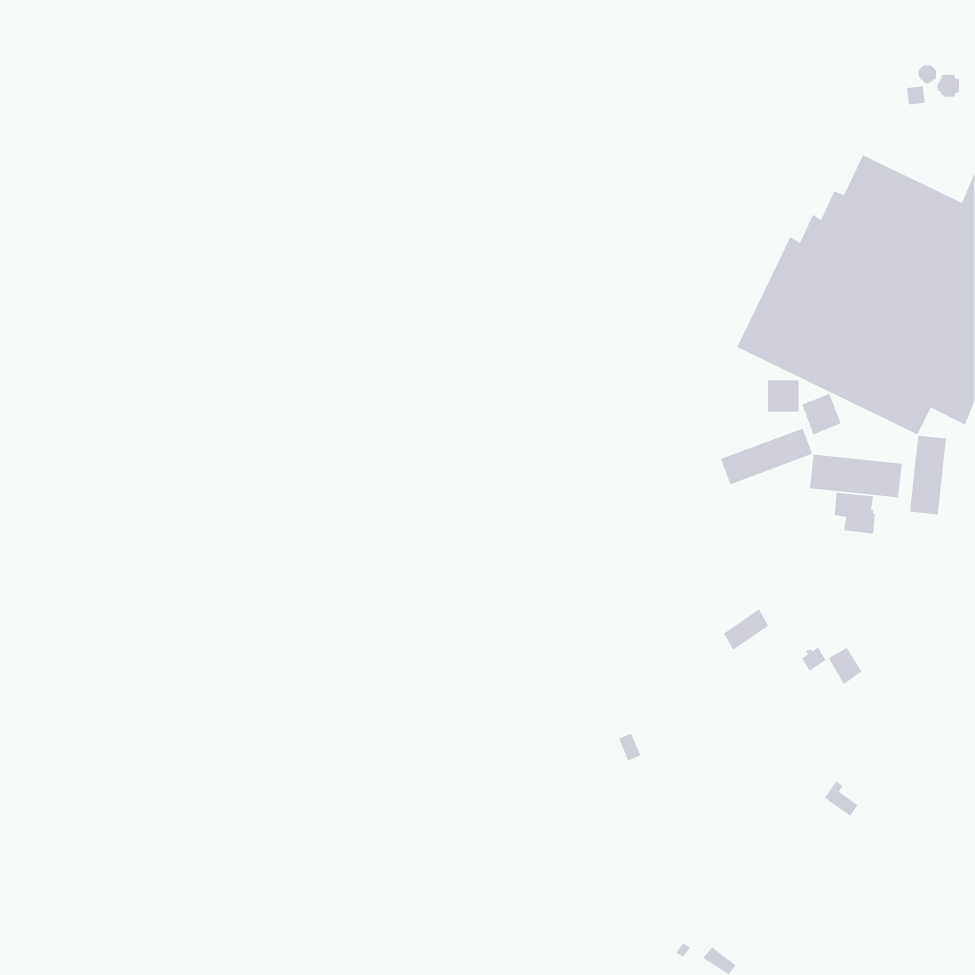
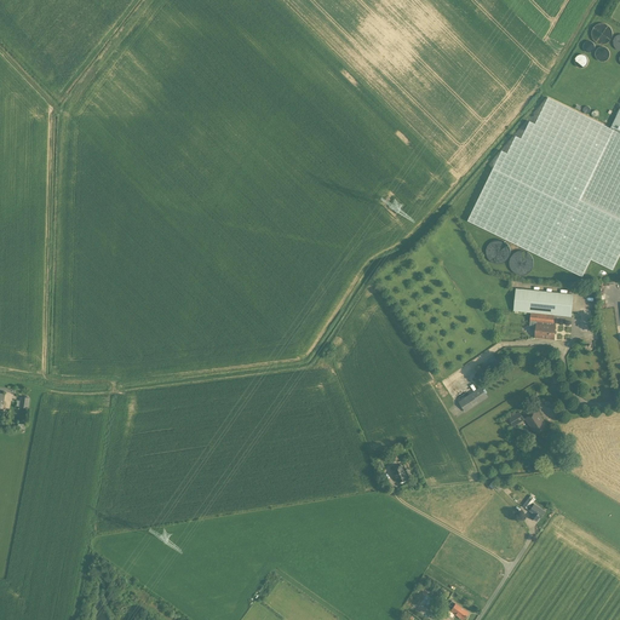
building: [720,428,813,485] -> none
building: [910,435,947,515] -> none

